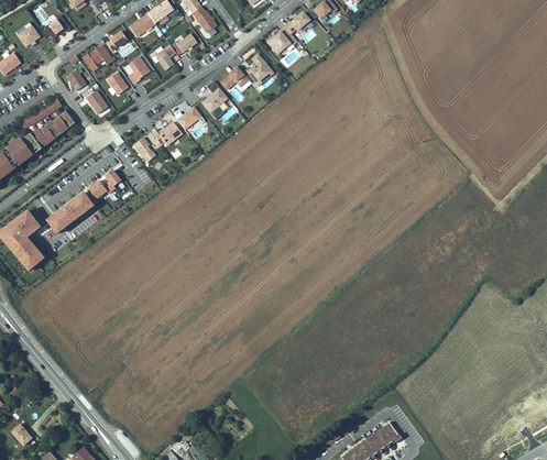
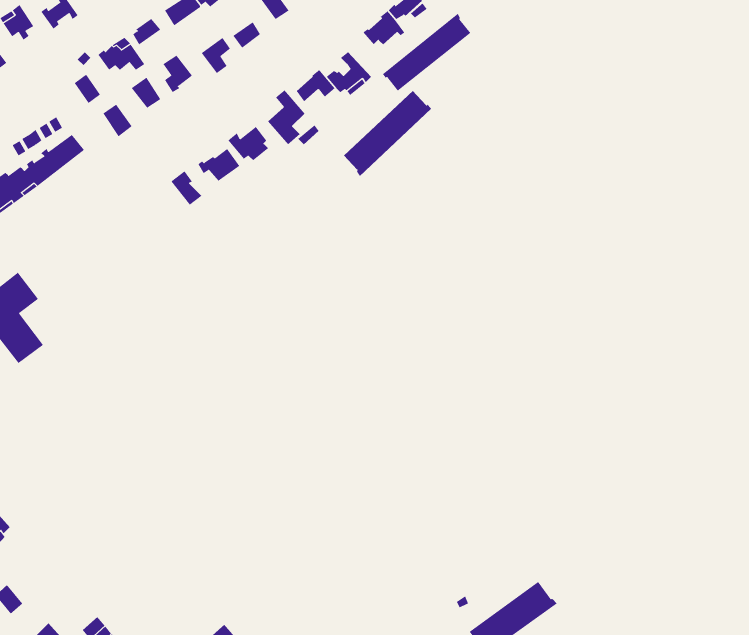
building: none -> [382,13,471,91]
building: none -> [343,90,432,177]
building: [45,168,123,233] -> none

